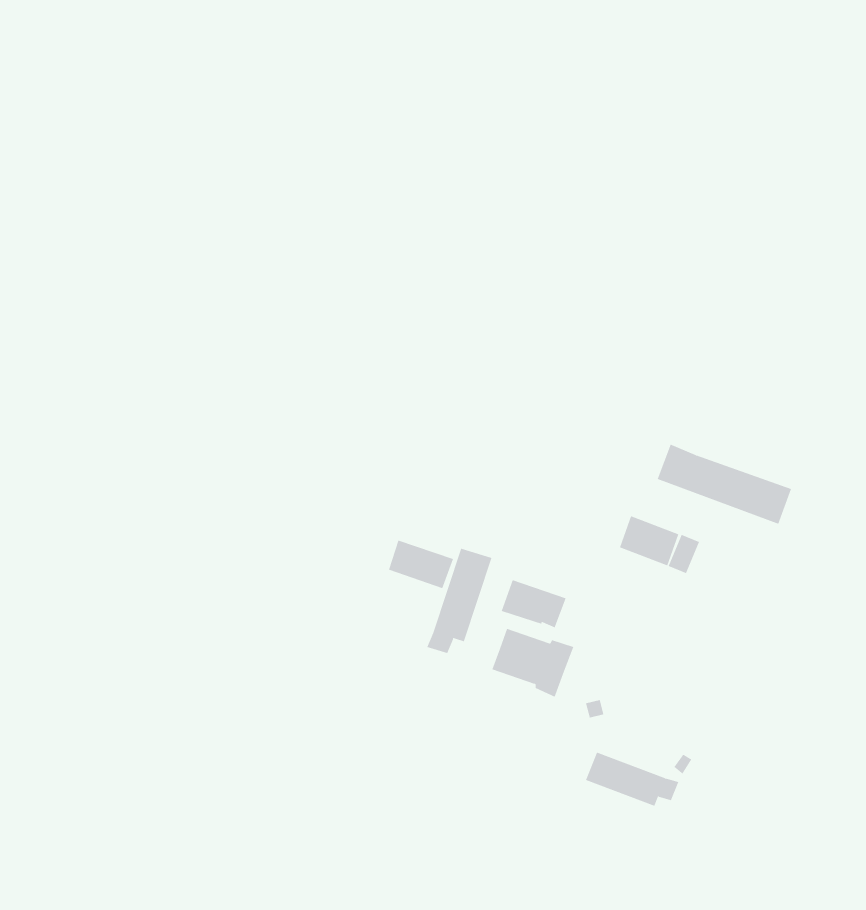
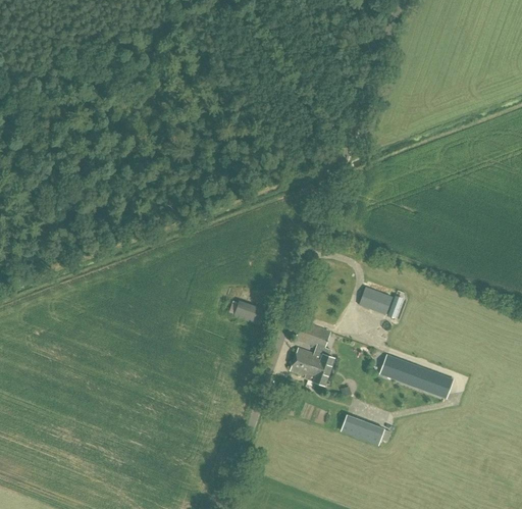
building: [657,444,792,524] -> [379,354,453,398]
building: [426,548,492,654] -> none

